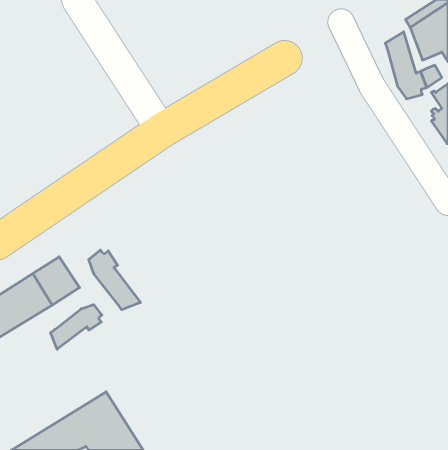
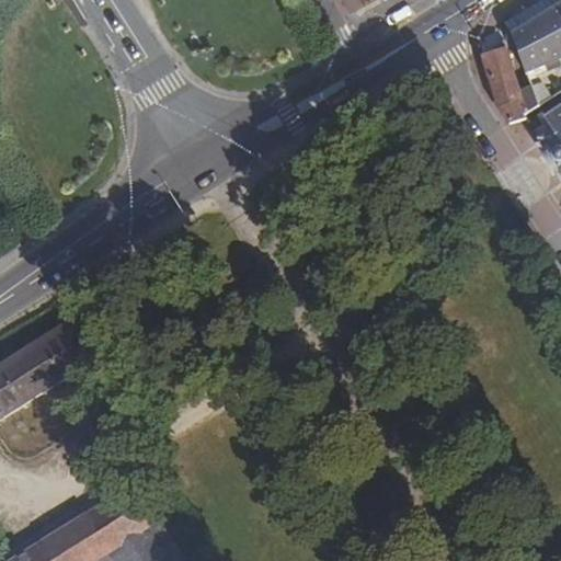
building: [89,250,140,310] -> none
building: [51,305,102,349] -> none

